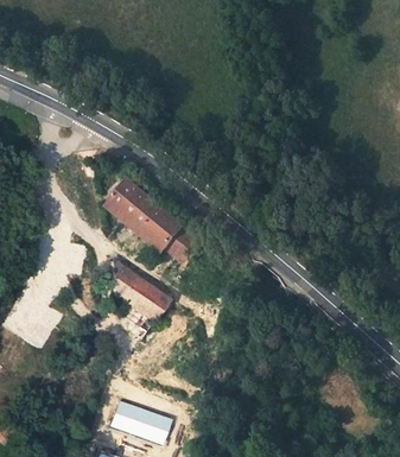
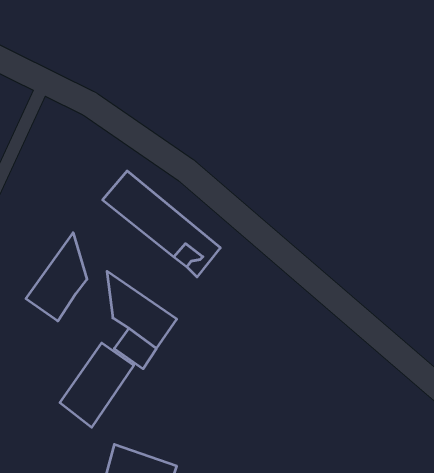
building: none -> [26,233,87,321]
building: none -> [60,343,134,427]

